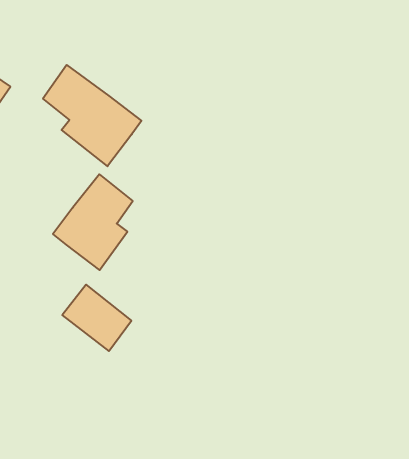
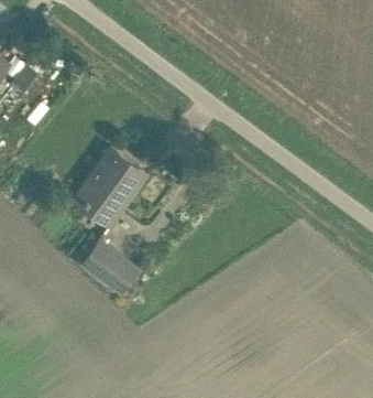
building: [43,65,141,166] -> none

